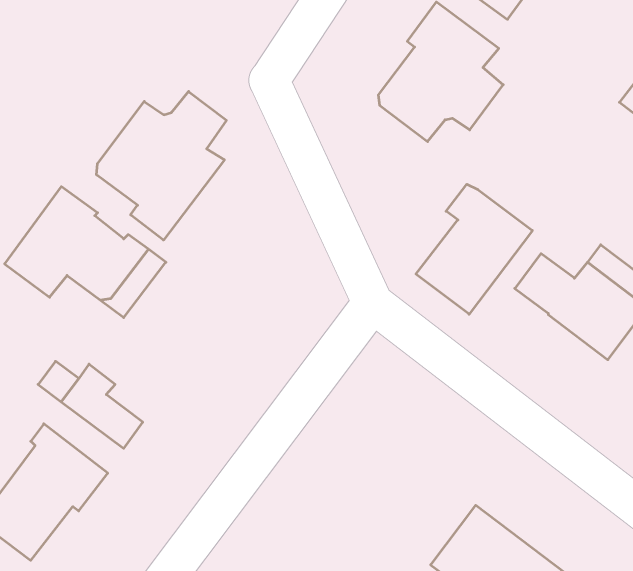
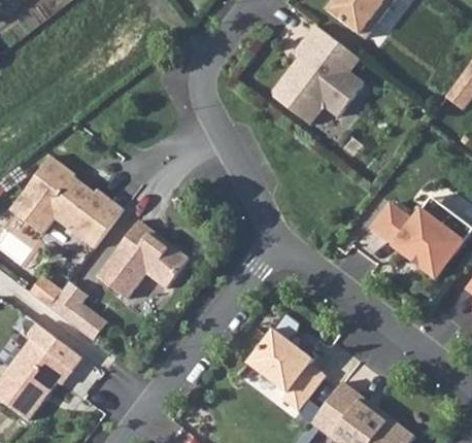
building: [97,91,226,240] -> none
building: [416,184,532,314] -> none
building: none -> [96,220,189,299]
building: none -> [248,313,325,411]

